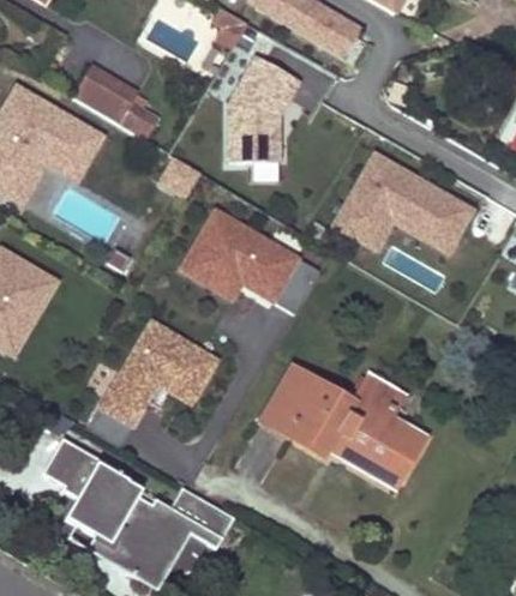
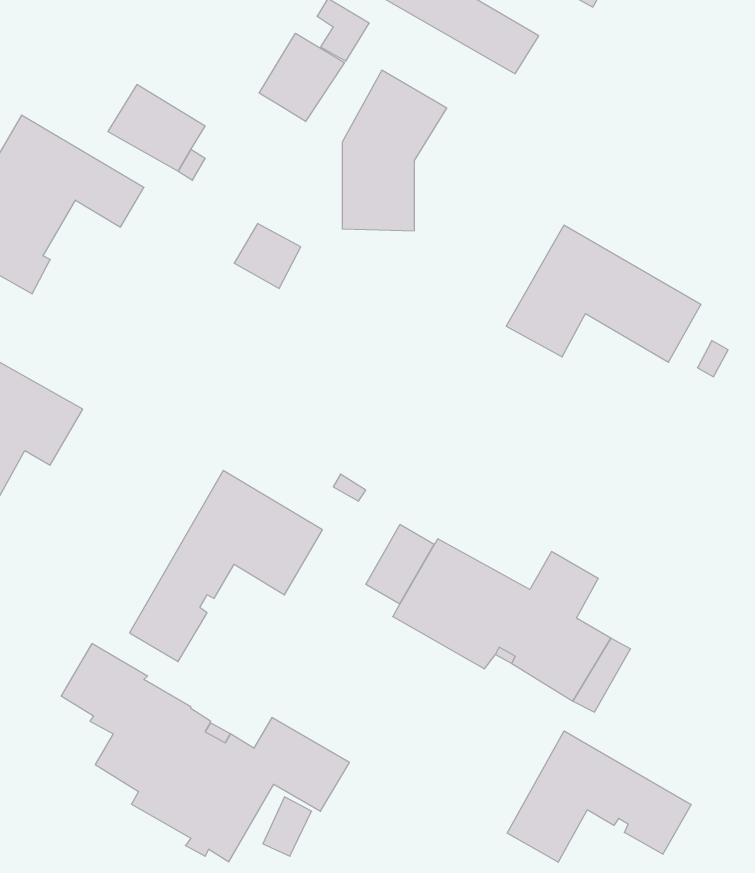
building: none -> [259,33,345,122]
building: [184,209,322,313] -> none
building: none -> [507,731,691,862]

